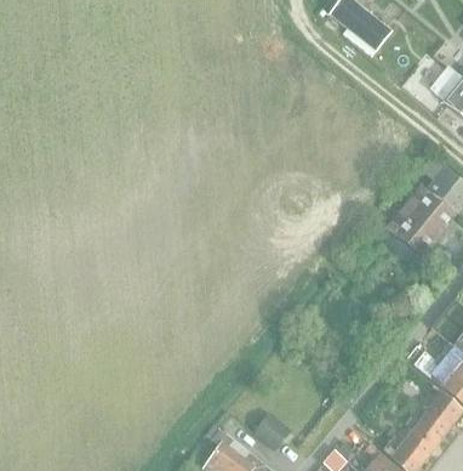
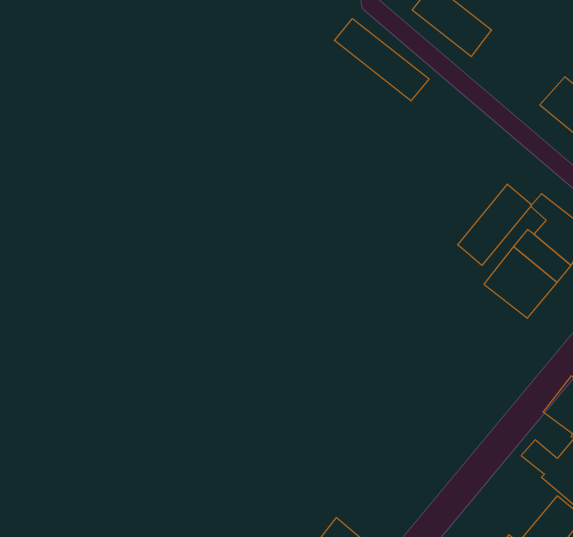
building: none -> [334,19,429,101]
building: none -> [458,184,532,265]

